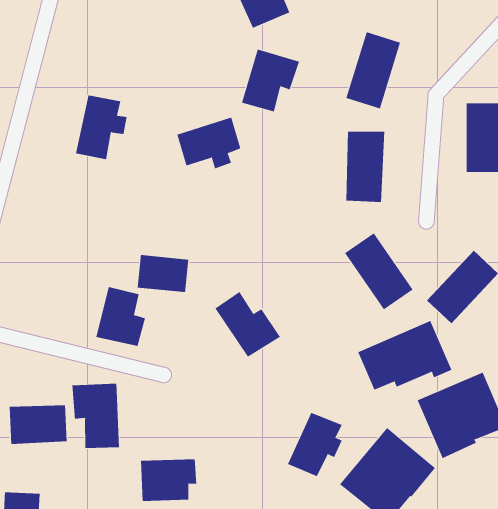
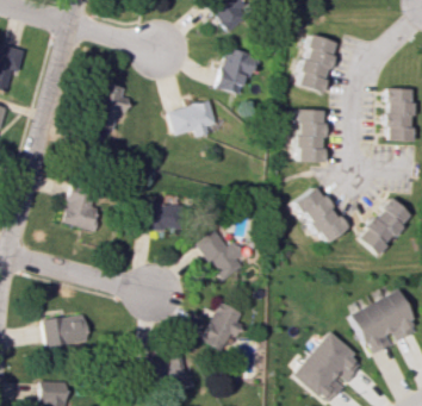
building: [95,286,146,346] -> [63,186,101,231]
building: [358,320,452,391] -> none
building: [72,383,120,449] -> none
building: [287,412,342,477] -> [201,302,243,351]

